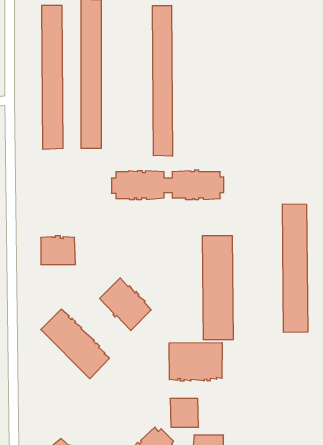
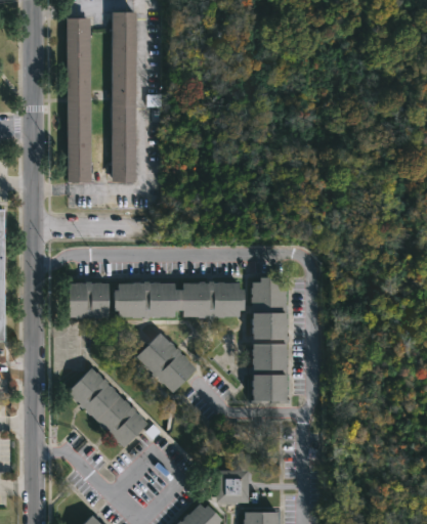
building: [152,5,172,156] -> none
building: [111,170,224,199] -> [112,282,241,316]
building: [282,204,308,332] -> none
building: [169,343,222,381] -> none

